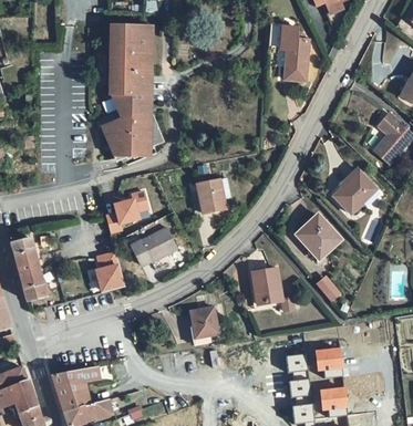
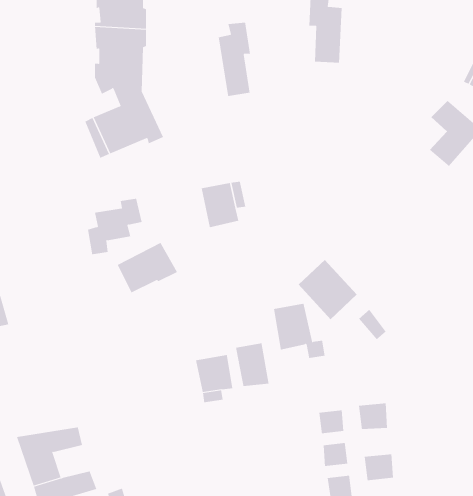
building: none -> [218,22,250,97]
building: [333,170,376,212] -> none
building: [295,209,341,257] -> [298,259,357,320]
building: [92,249,123,291] -> none
building: none -> [235,342,269,387]

